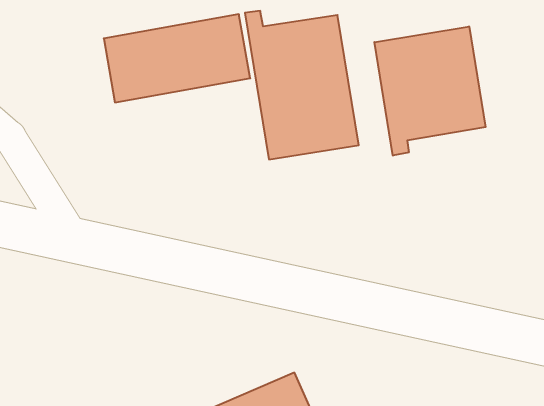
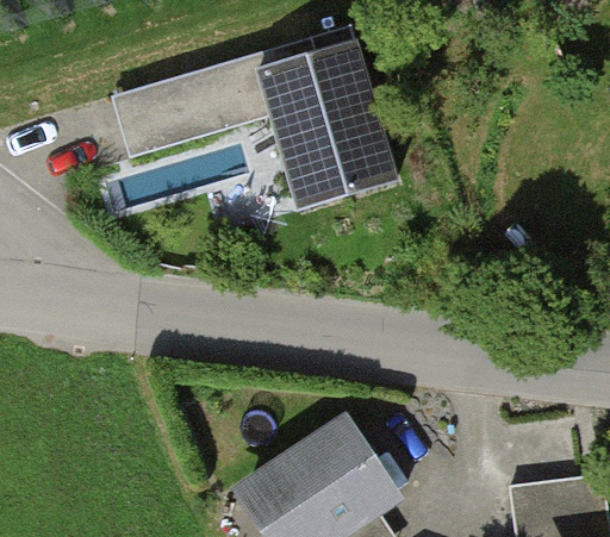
building: [374,26,486,156] -> none

